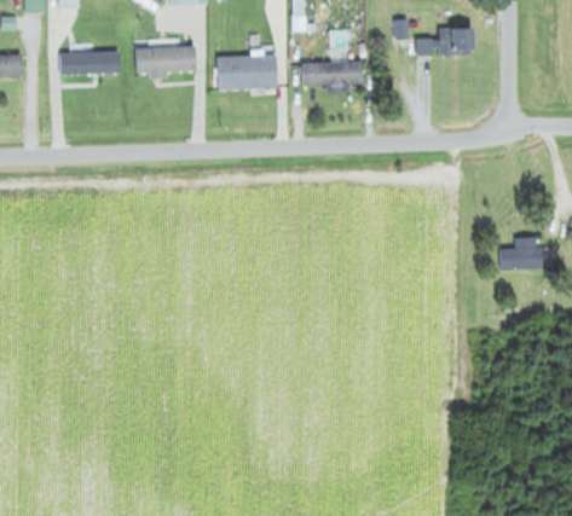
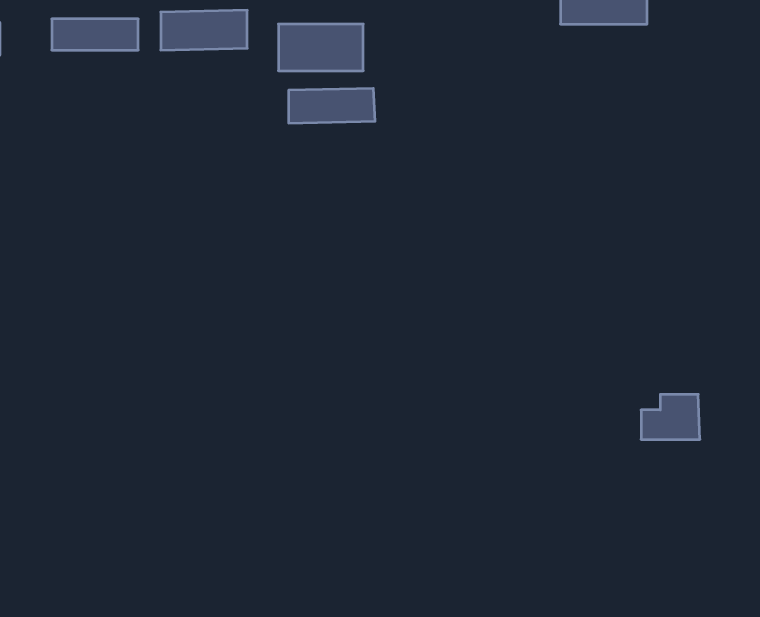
building: [302,62,363,86] -> [289,88,375,123]
building: [501,238,542,269] -> [641,394,700,439]

